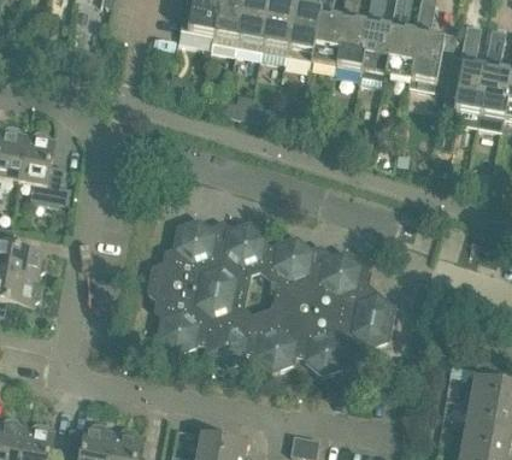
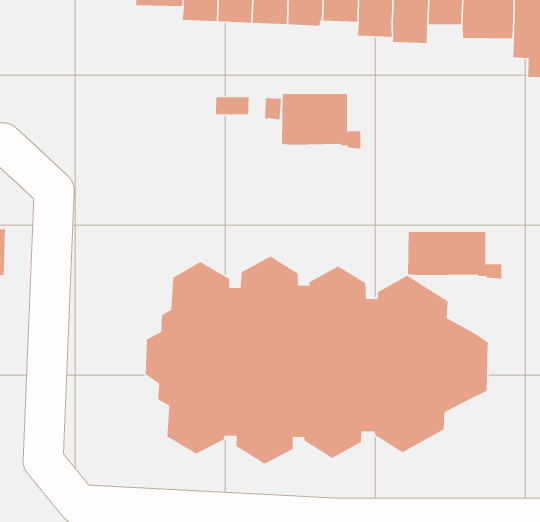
building: none -> [281,93,361,149]
building: none -> [407,231,502,280]

